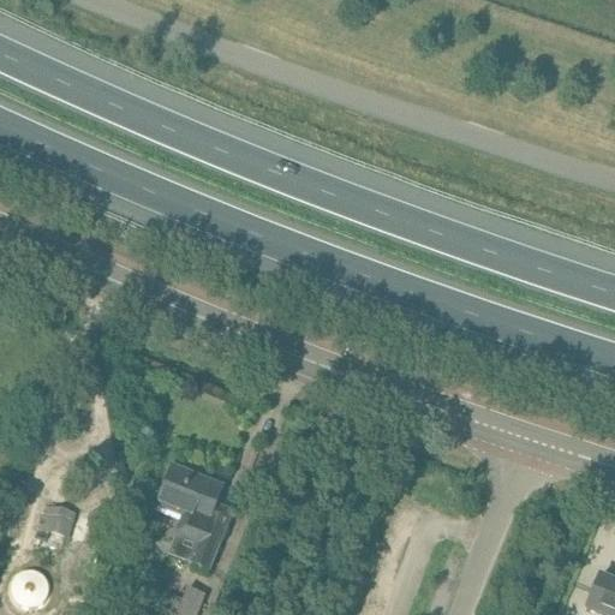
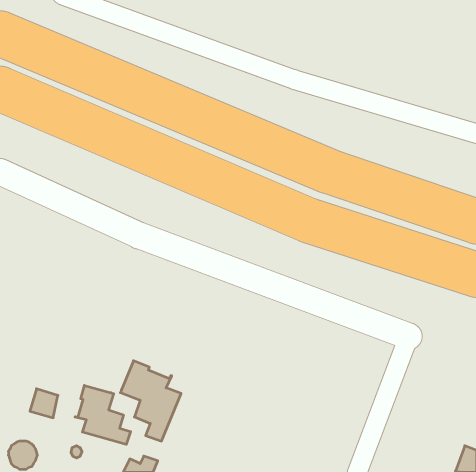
building: none -> [75,385,131,444]

